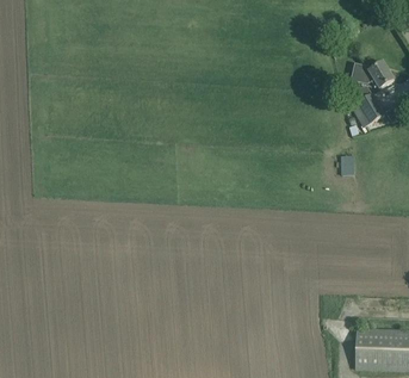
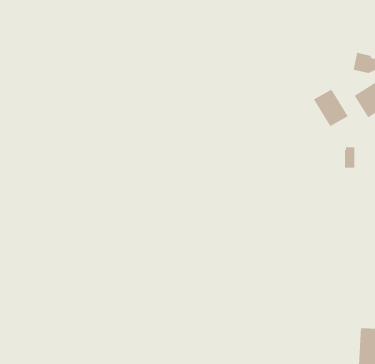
building: none -> [313,89,349,127]

